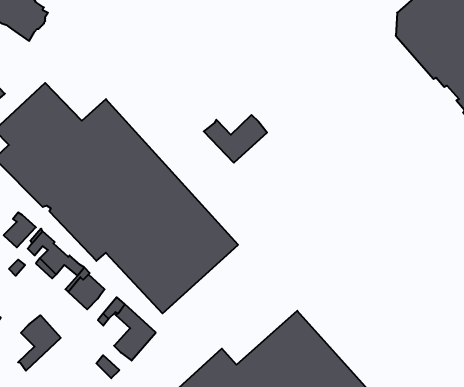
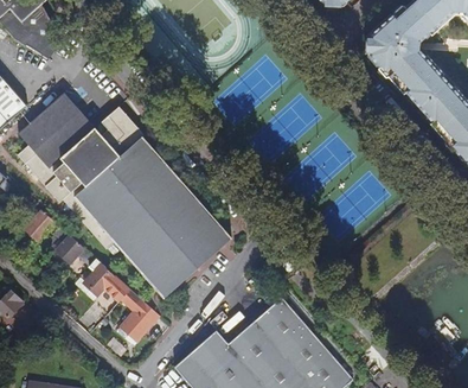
building: [204,115,267,163] -> none
building: [18,315,61,371] -> none

